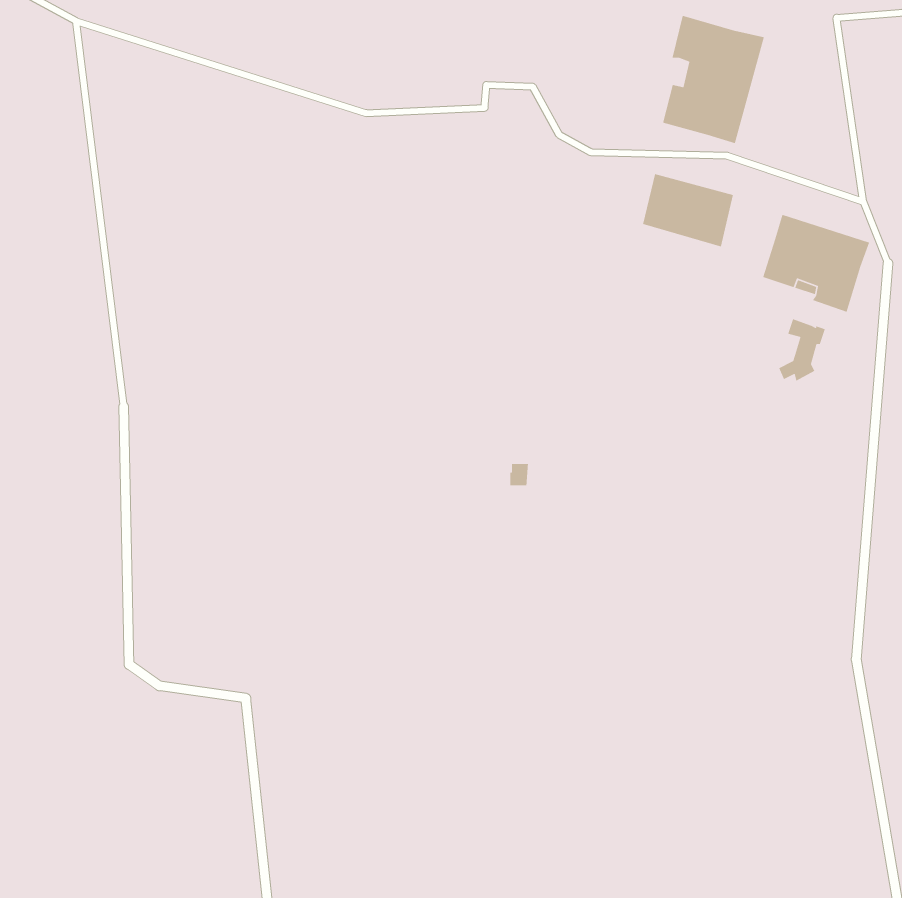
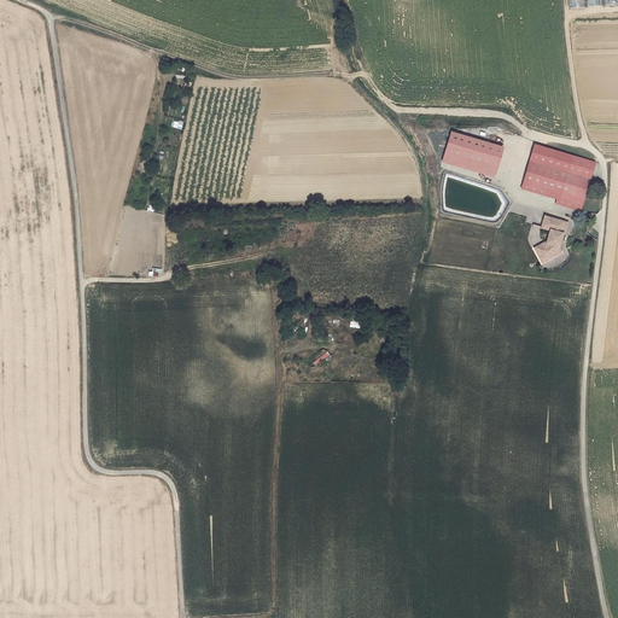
building: [662,15,765,144] -> none

